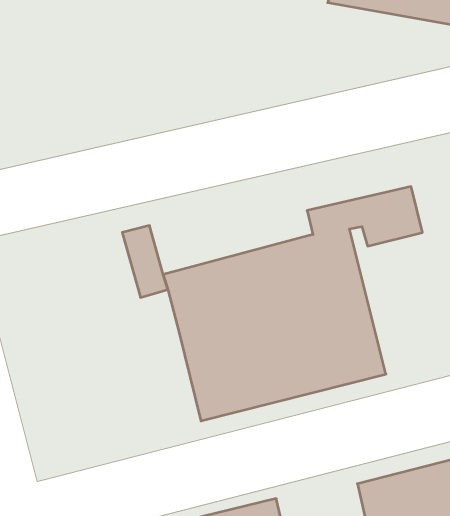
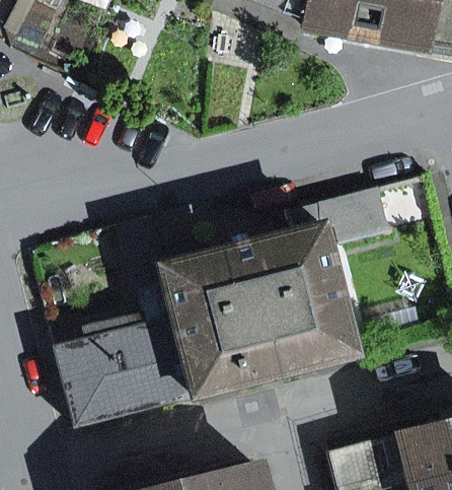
building: none -> [59,317,195,427]

